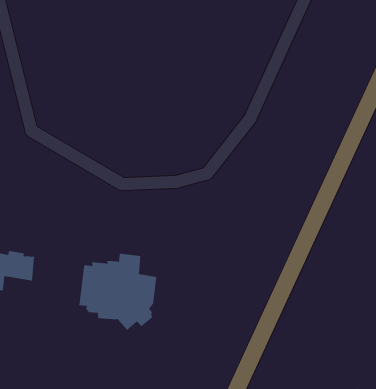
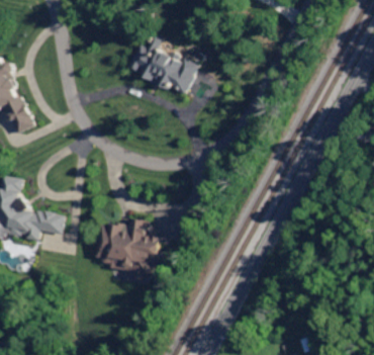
building: none -> [129,36,198,96]

